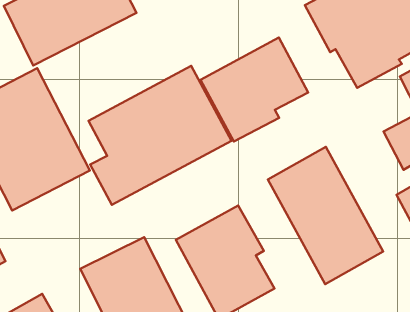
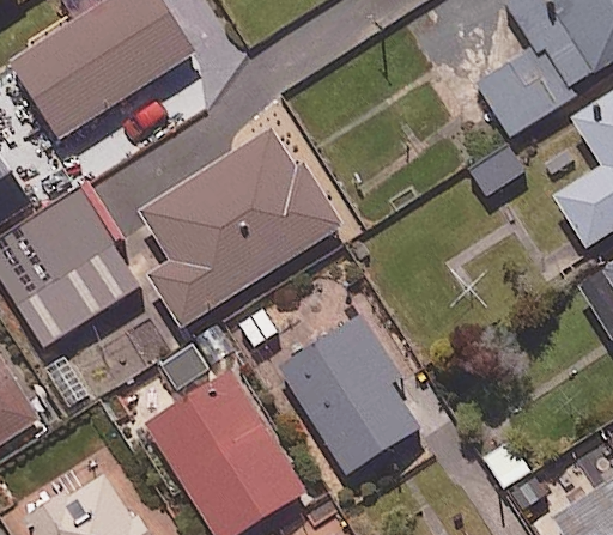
building: [201,38,308,142] -> none
building: [268,147,383,284] -> none

